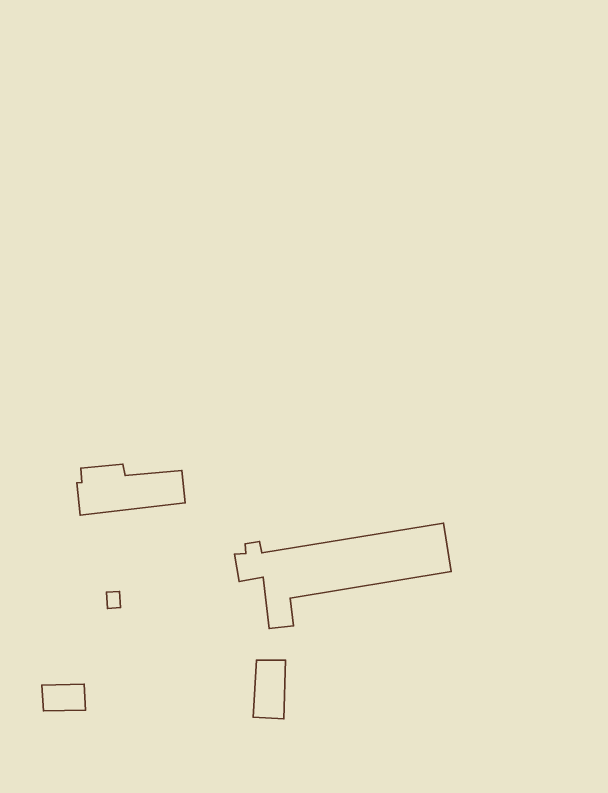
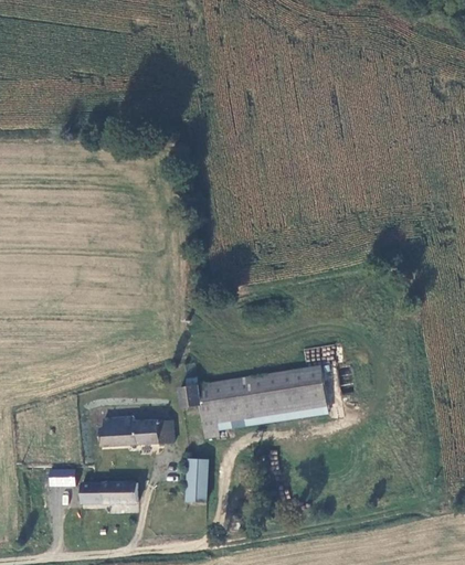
building: [77,464,185,515] -> [98,413,171,446]
building: none -> [82,481,138,503]

